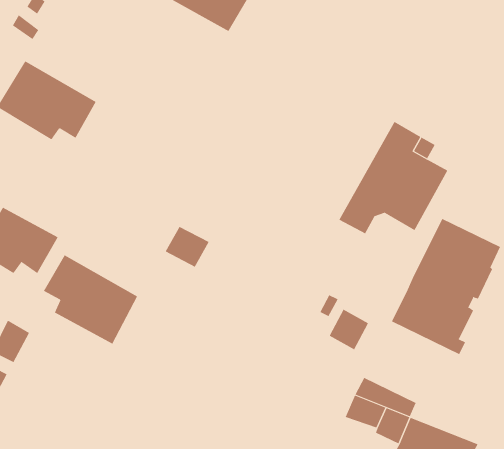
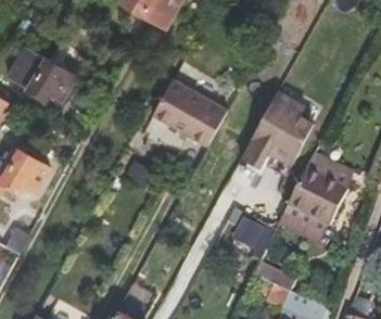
building: none -> [153,81,226,146]
building: [43,254,138,344] -> none

